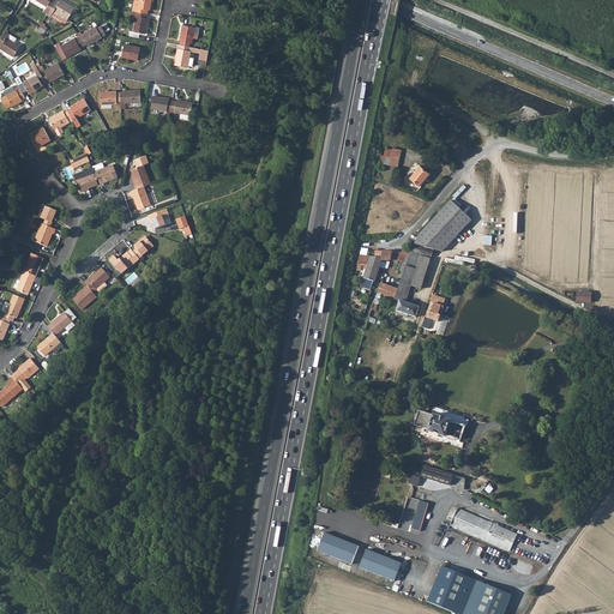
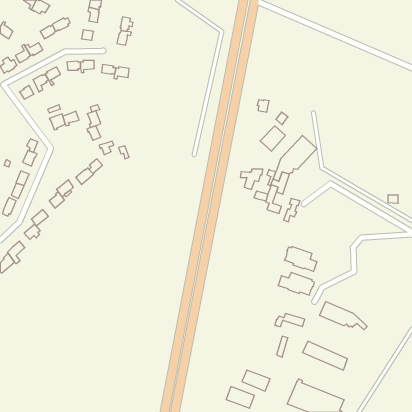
building: none -> [260,126,285,151]
building: none -> [285,246,317,271]
building: none -> [320,302,367,330]
building: [318,534,360,566] -> [226,387,254,408]

